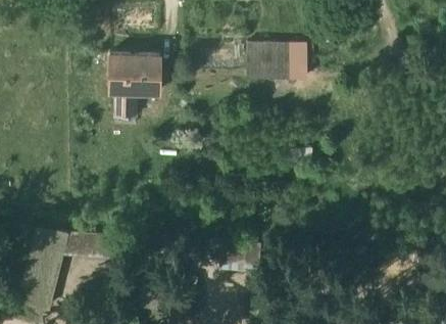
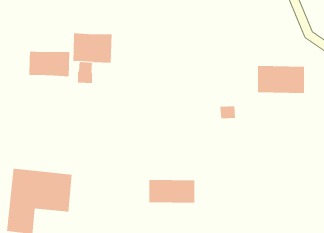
building: [246,43,305,78] -> [257,66,305,93]
building: none -> [29,51,70,77]

